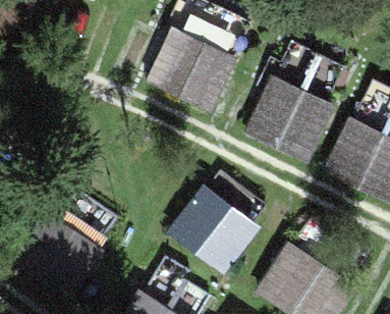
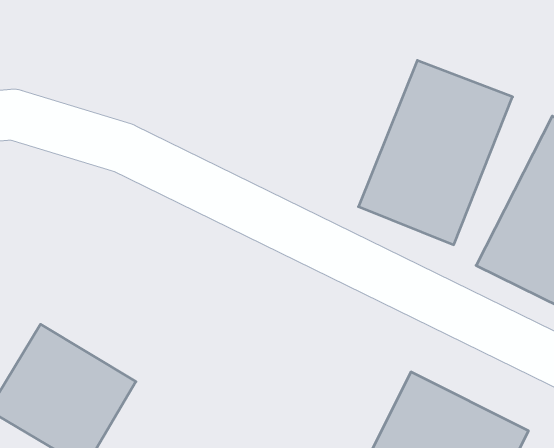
building: [142,21,235,110] -> none
building: [170,182,260,270] -> none

